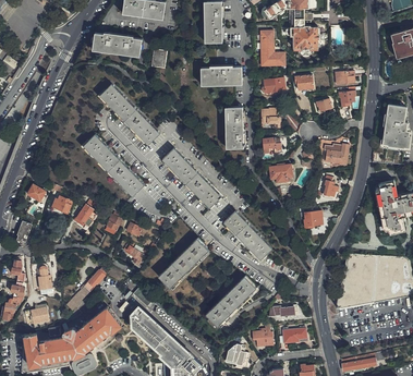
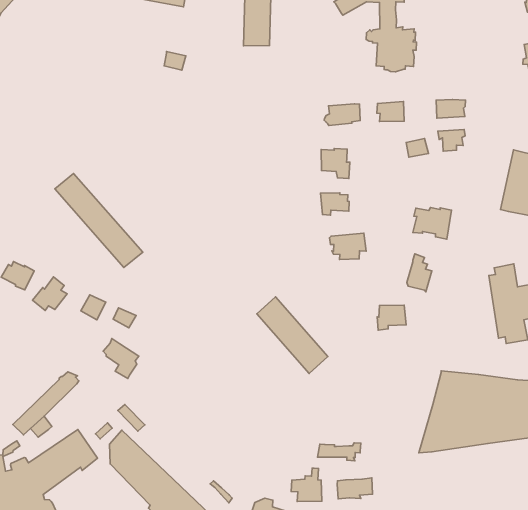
building: [260,31,286,65] -> none
building: [93,33,143,57] -> none
building: [202,66,242,86] -> none
building: [100,85,160,145] -> none
building: [226,107,243,148] -> none
building: [162,148,221,208] -> none
building: [159,239,208,288] -> none
building: [206,277,255,329] -> none

